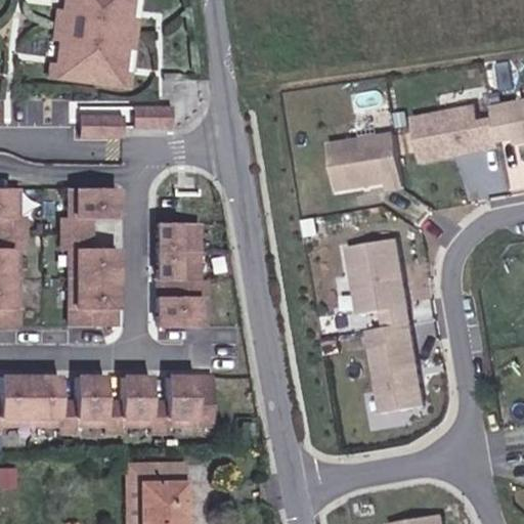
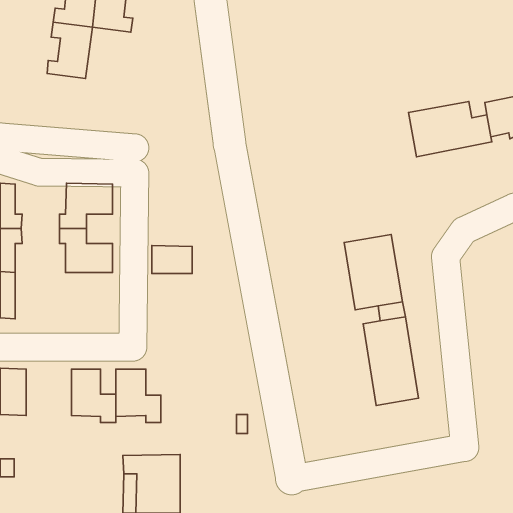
building: [88,28,134,85] -> none
building: [132,105,171,126] -> none
building: [79,115,123,135] -> none
building: [332,131,406,188] -> none
building: [156,222,196,251] -> none
building: [68,277,116,324] -> none
building: [156,278,204,325] -> none
building: [28,376,74,430] -> none
building: [165,376,212,424] -> none

